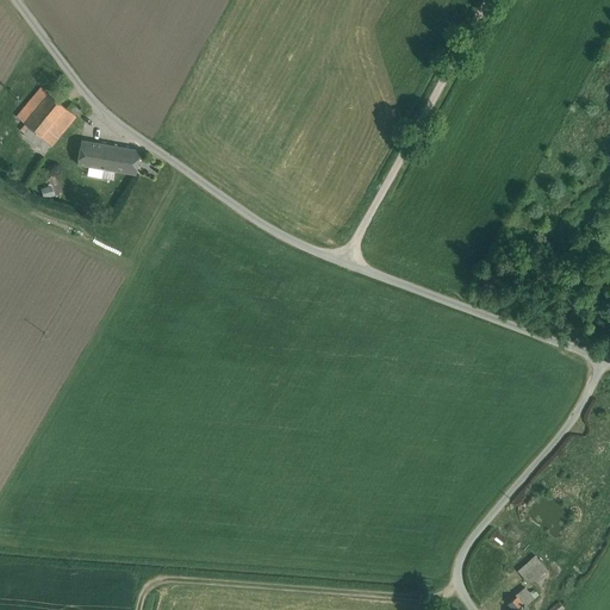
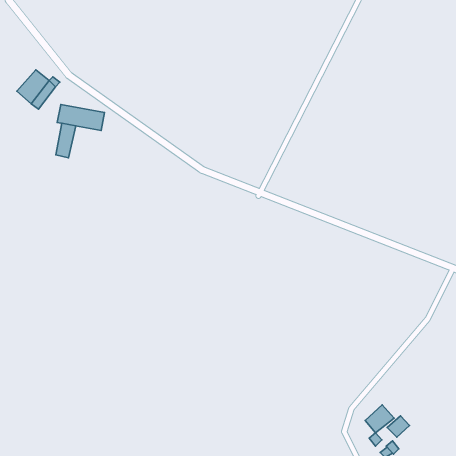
building: none -> [56,123,76,158]
building: none -> [365,405,394,433]

